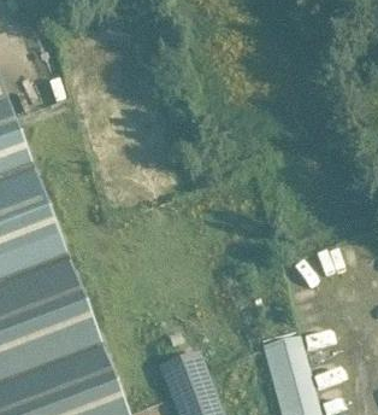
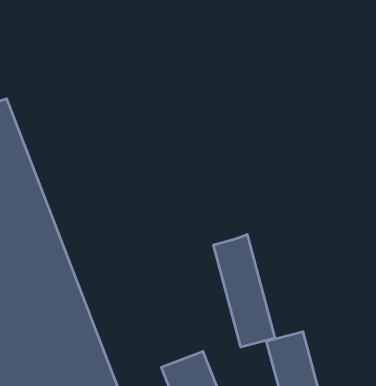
building: none -> [214,234,275,347]

